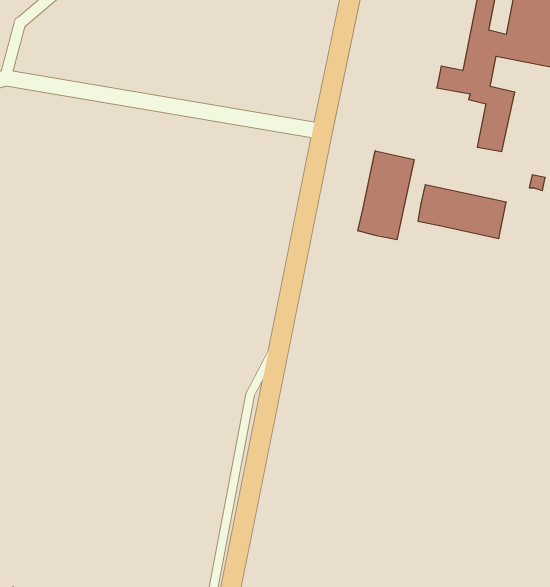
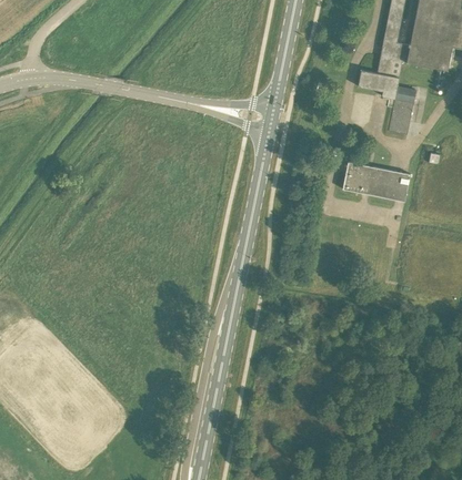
building: [358,151,414,240] -> none

